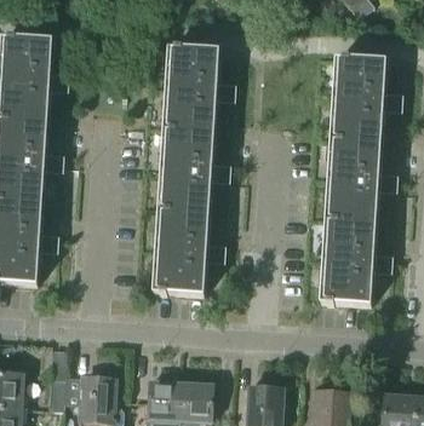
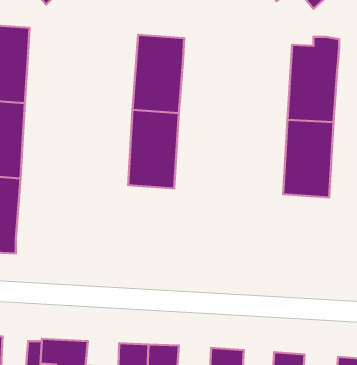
building: [154,209,208,294] -> none
building: [320,219,376,304] -> none

